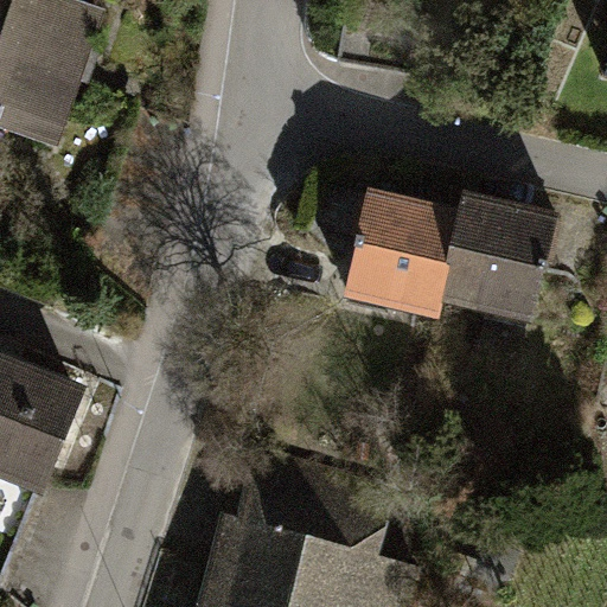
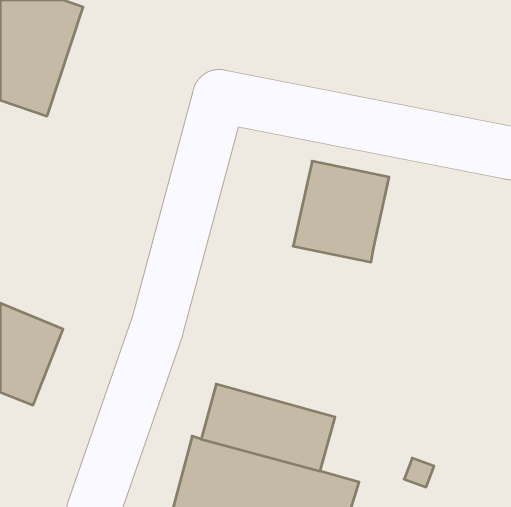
building: [442,202,556,319] -> none

